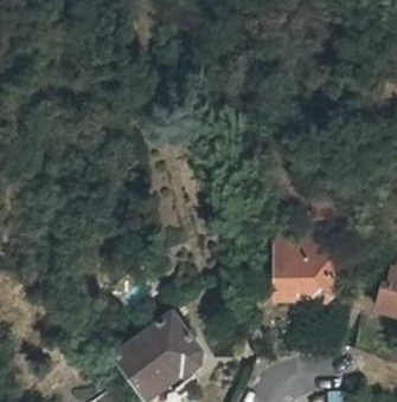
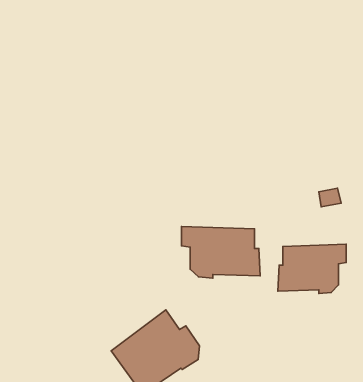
building: none -> [181,226,260,278]

